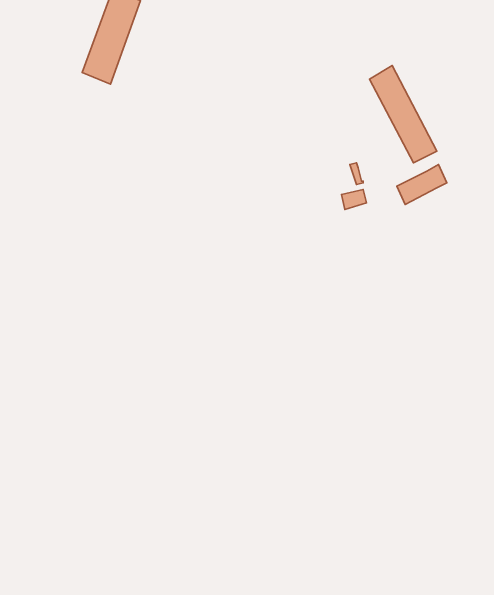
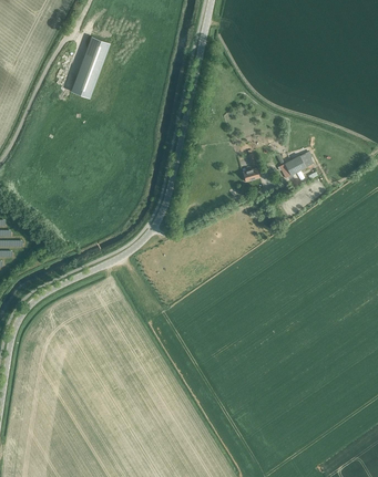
building: [369,66,437,163] -> none

